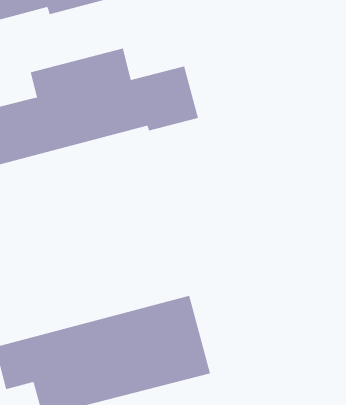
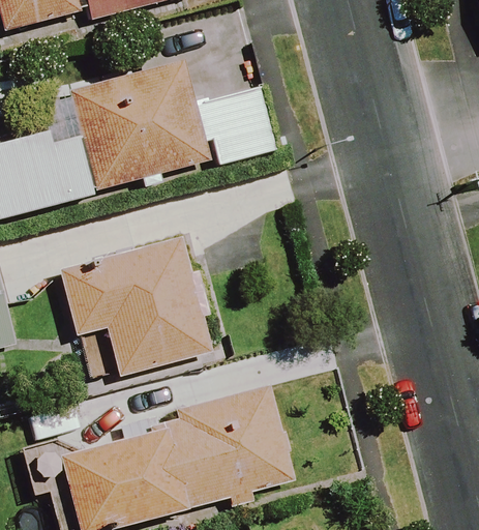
building: none -> [58,238,213,378]

